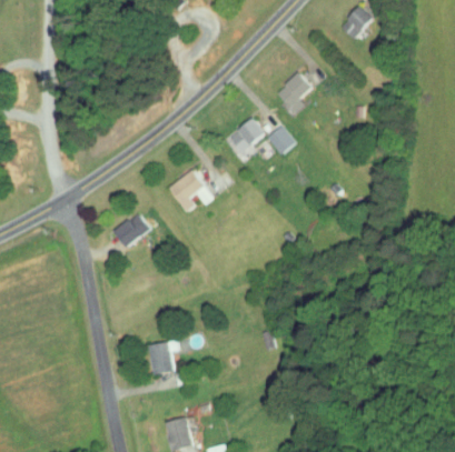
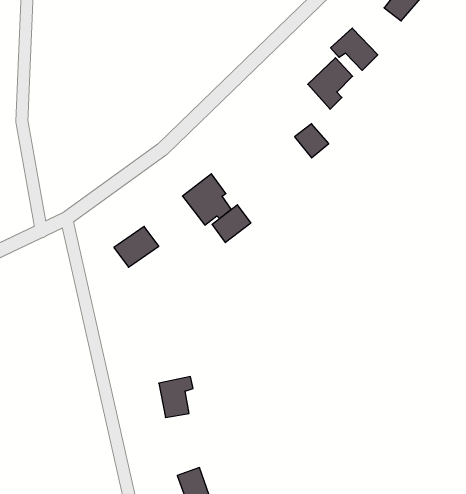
building: none -> [331,28,378,70]
building: [229,119,266,152] -> none
building: none -> [212,205,251,243]

